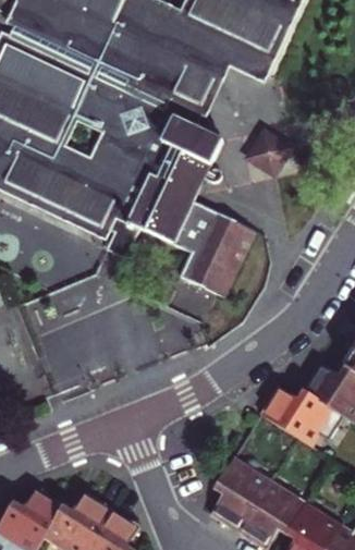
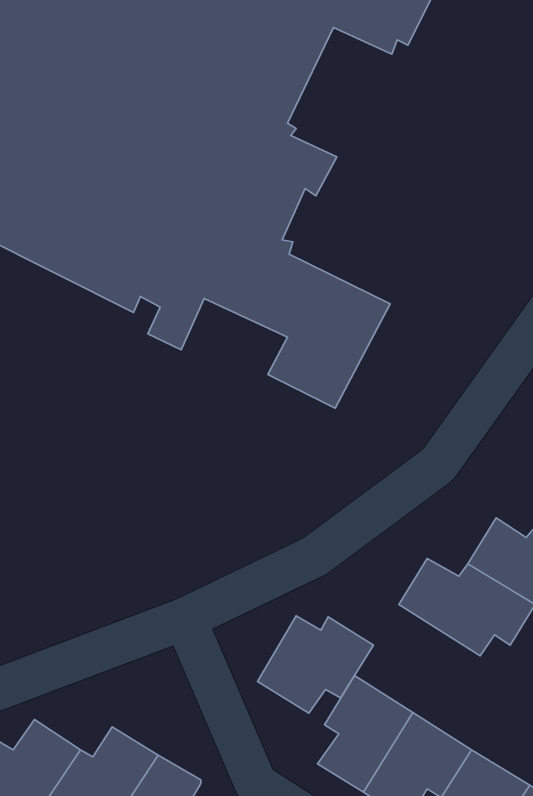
building: [246,130,294,178] -> none
building: none -> [257,616,374,713]

